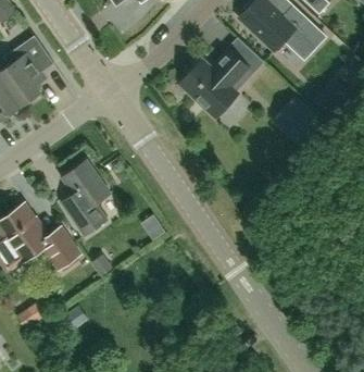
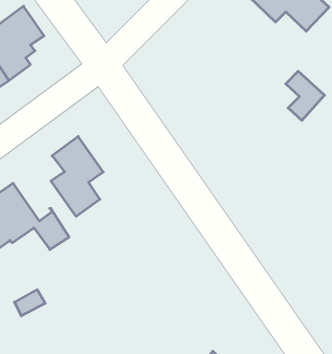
building: [178,49,252,117] -> none

